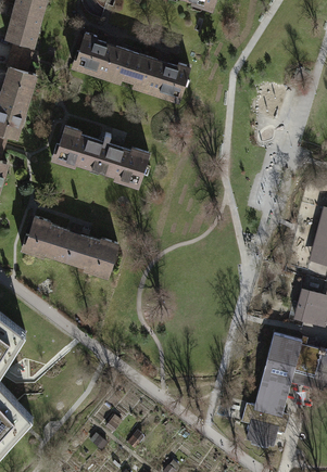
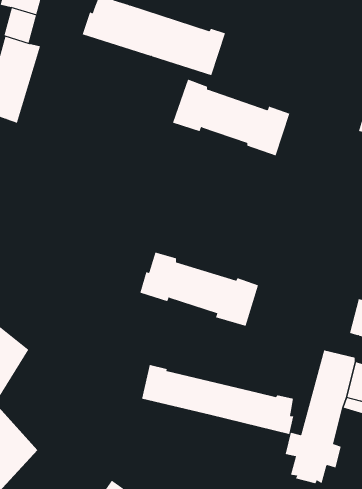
building: [51,123,151,188] -> [172,79,290,156]
building: [20,214,121,277] -> [139,252,259,326]
building: none -> [142,364,294,435]

